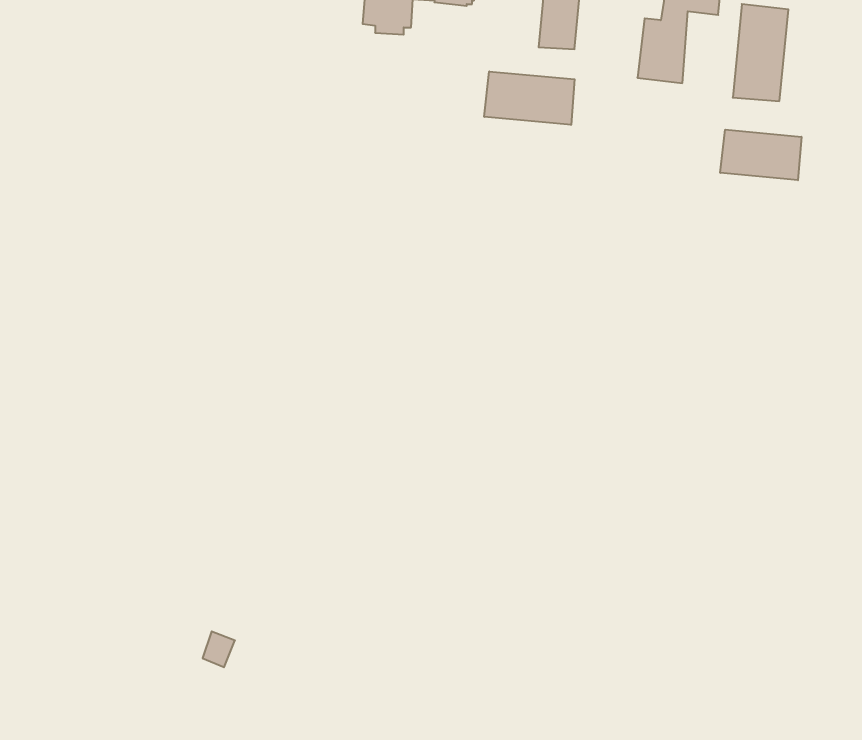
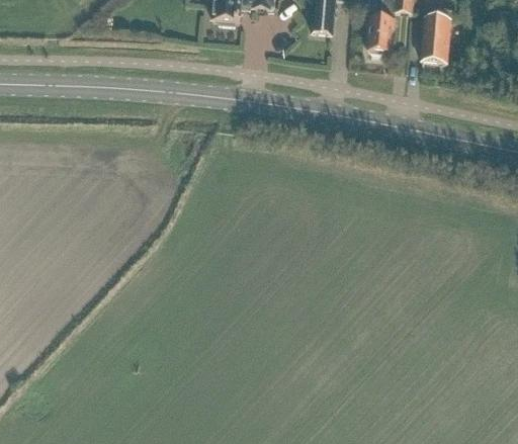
building: [484,71,575,125] -> none
building: [720,130,801,180] -> none

